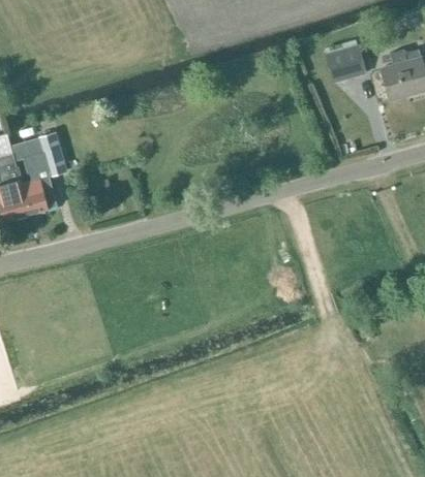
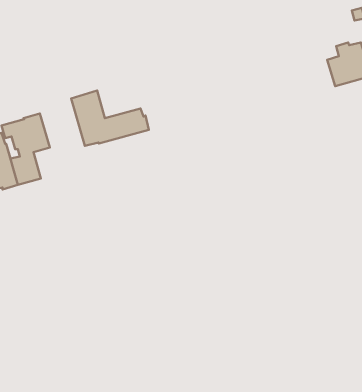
building: [323,38,365,82] -> none
building: none -> [71,91,149,146]

